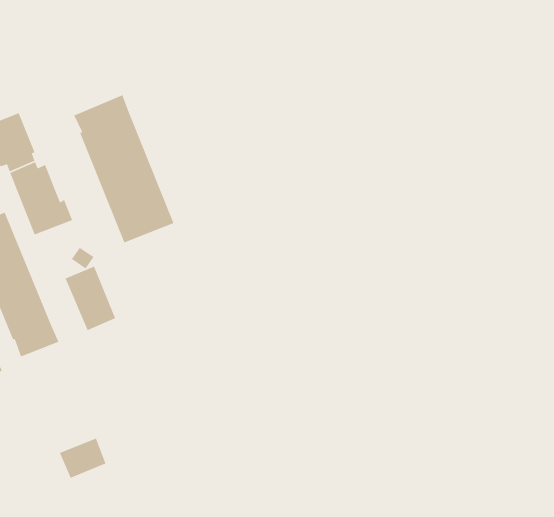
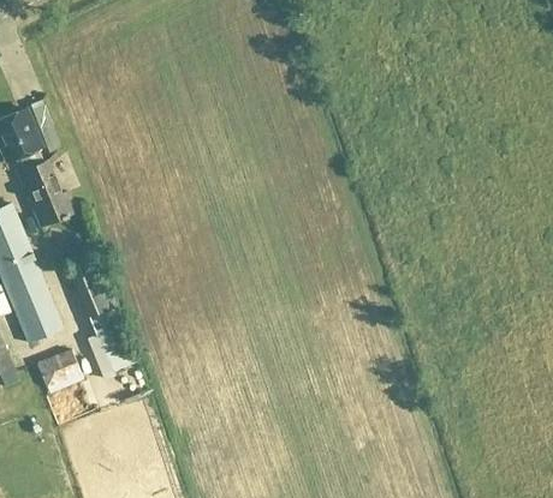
building: [73,94,174,243] -> none
building: [59,437,107,479] -> [37,348,83,388]

